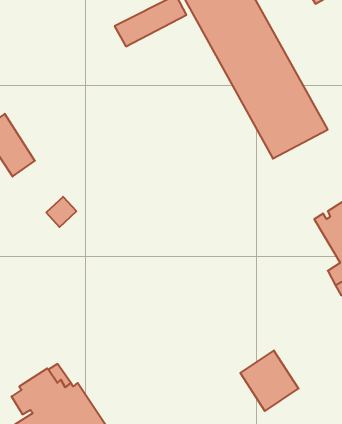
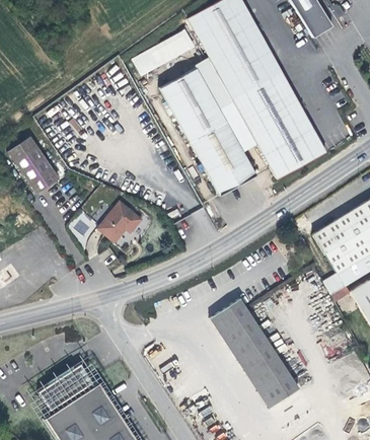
building: none -> [161,67,257,195]
building: none -> [98,202,144,243]
building: none -> [209,294,275,371]

